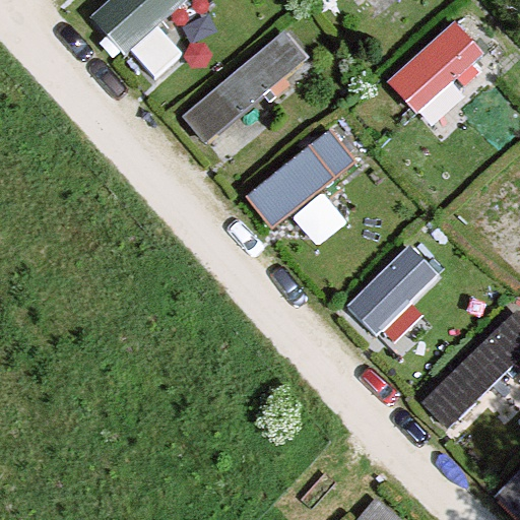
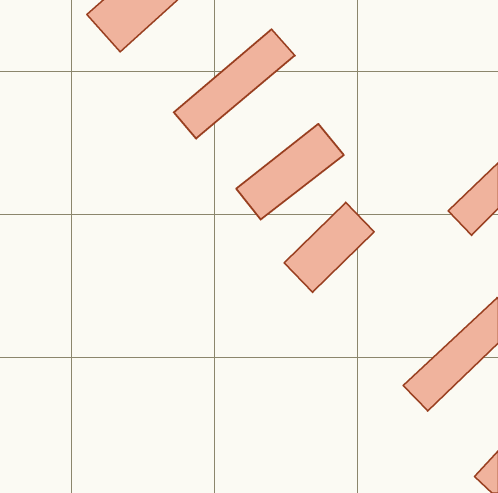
building: [389,19,486,113] -> none
building: [346,243,440,336] -> [284,202,374,292]

